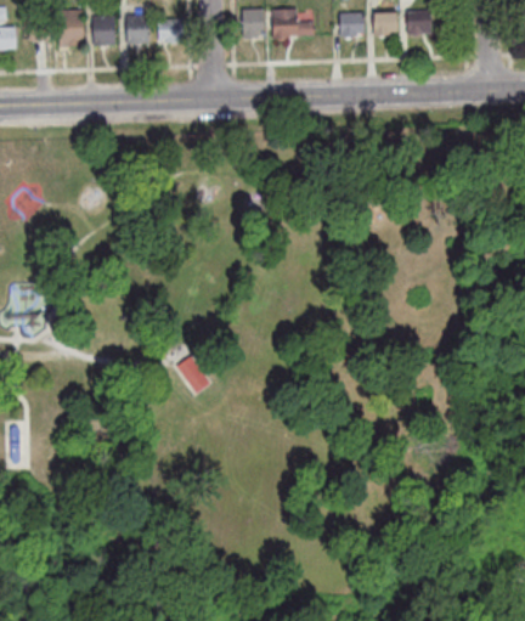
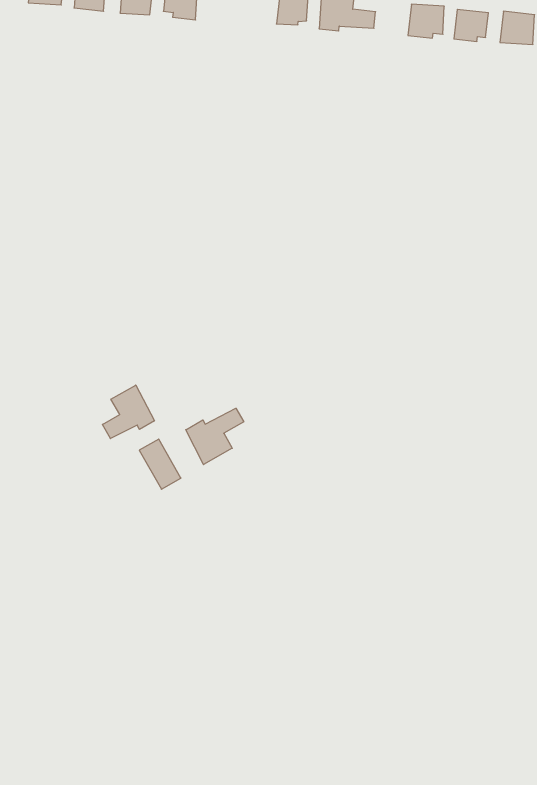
building: none -> [102,385,154,439]
building: none -> [186,408,244,465]

